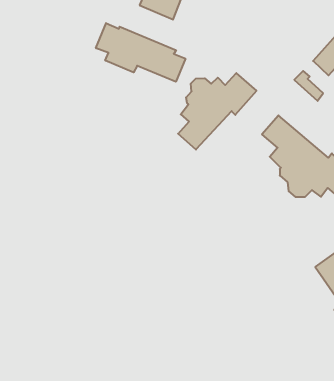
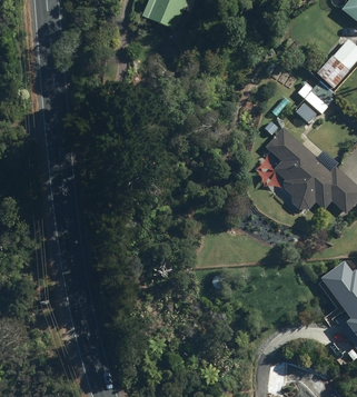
building: [96,23,185,82] -> none
building: [178,73,256,150] -> none

